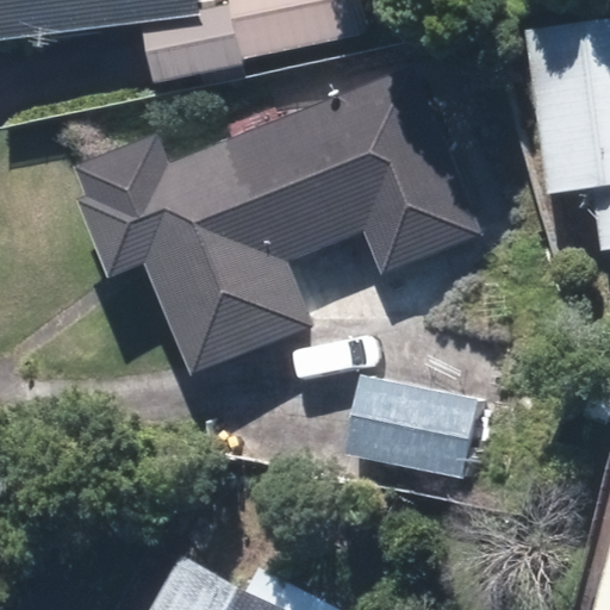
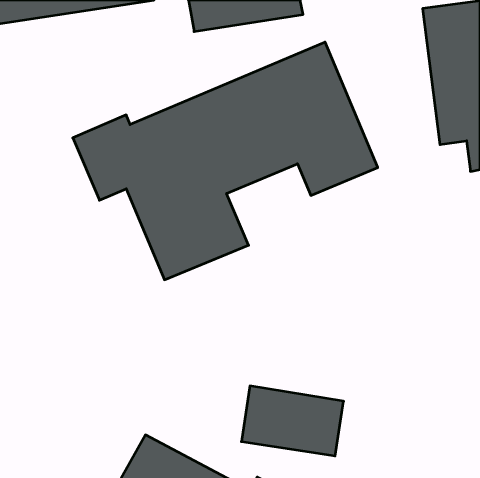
building: [344,381,472,468] -> [241,386,344,456]

